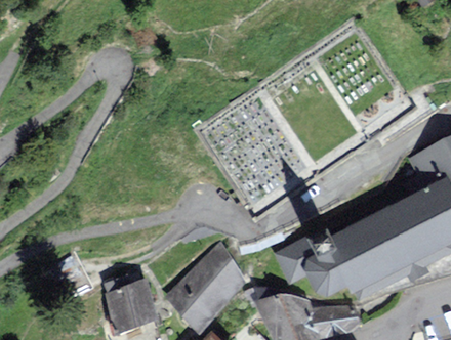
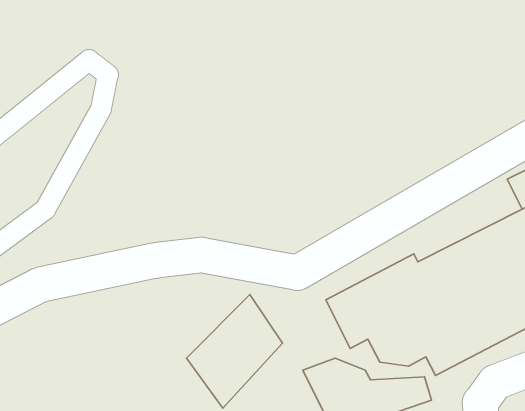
building: [107,286,154,330] -> none

